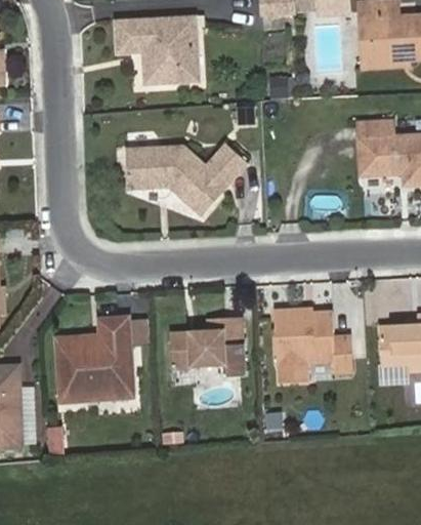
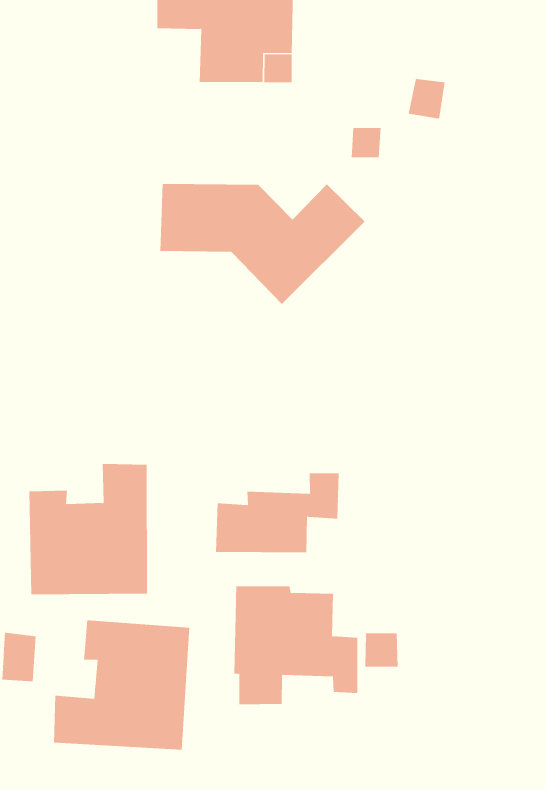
building: [273,308,351,381] -> [233,586,358,705]
building: none -> [54,620,190,750]

